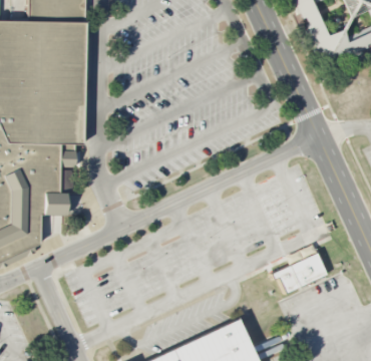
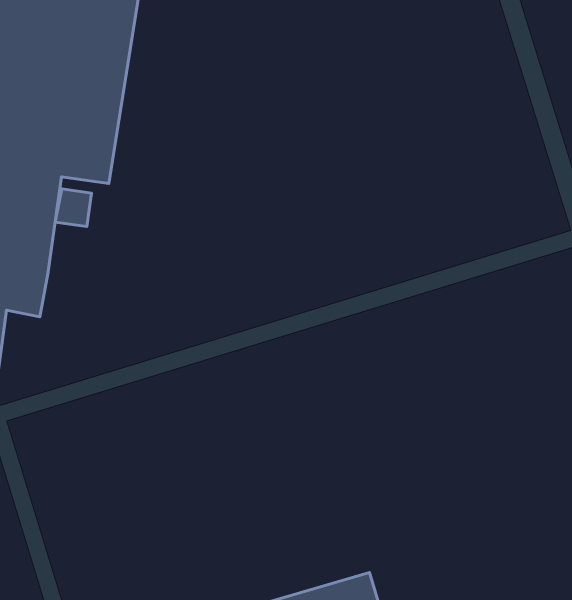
building: [278,245,329,292] -> none

